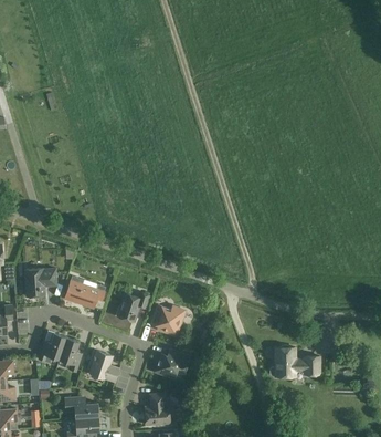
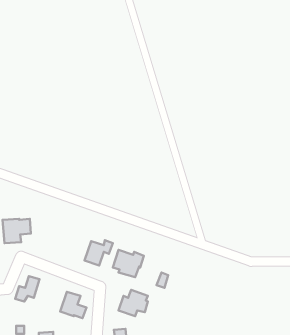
building: [62,275,104,306] -> none
building: [57,336,80,371] -> none
building: [267,345,317,375] -> none

